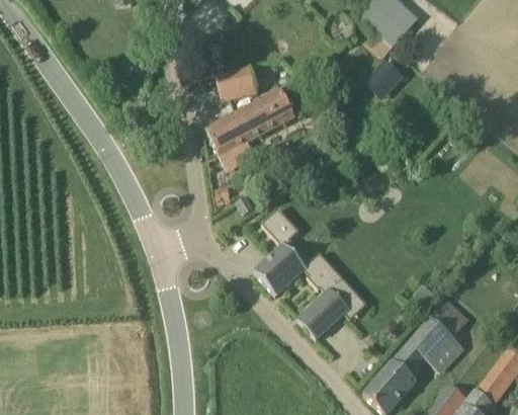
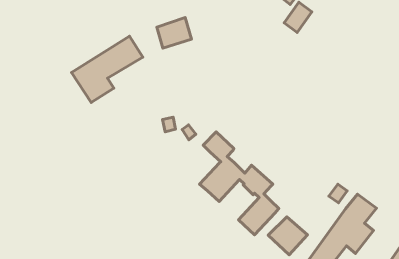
building: [205,91,294,169] -> [72,36,143,102]
building: none -> [268,217,307,255]

